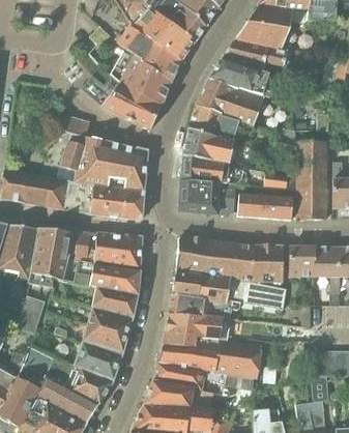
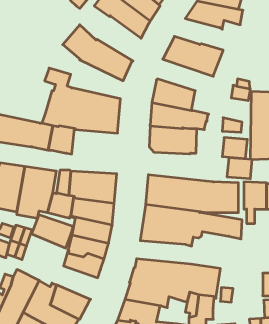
building: [120,55,171,107] -> none
building: [209,58,272,96] -> none
building: [190,105,254,142] -> none
building: [91,184,144,220] -> none
building: [237,193,266,216] -> [227,158,252,179]
building: [166,313,228,340] -> none
building: [74,342,121,380] -> [32,215,73,248]

